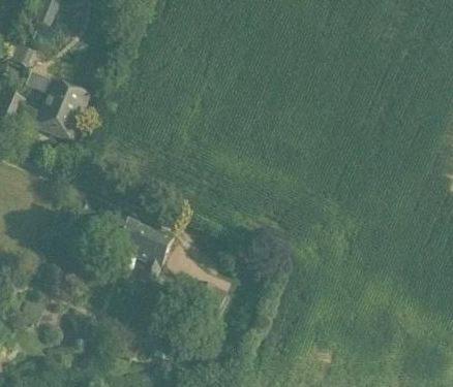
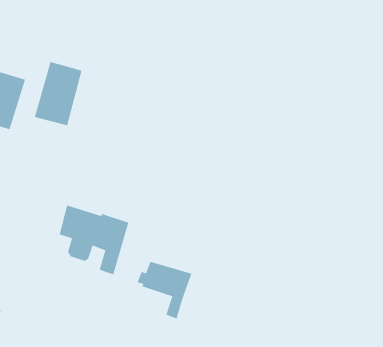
building: none -> [34,61,82,126]

